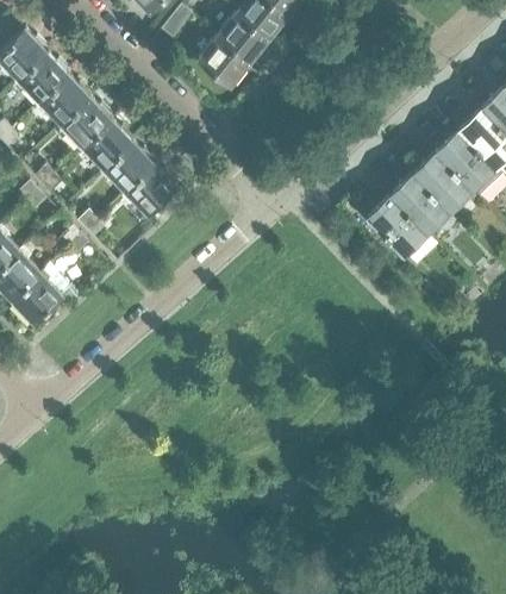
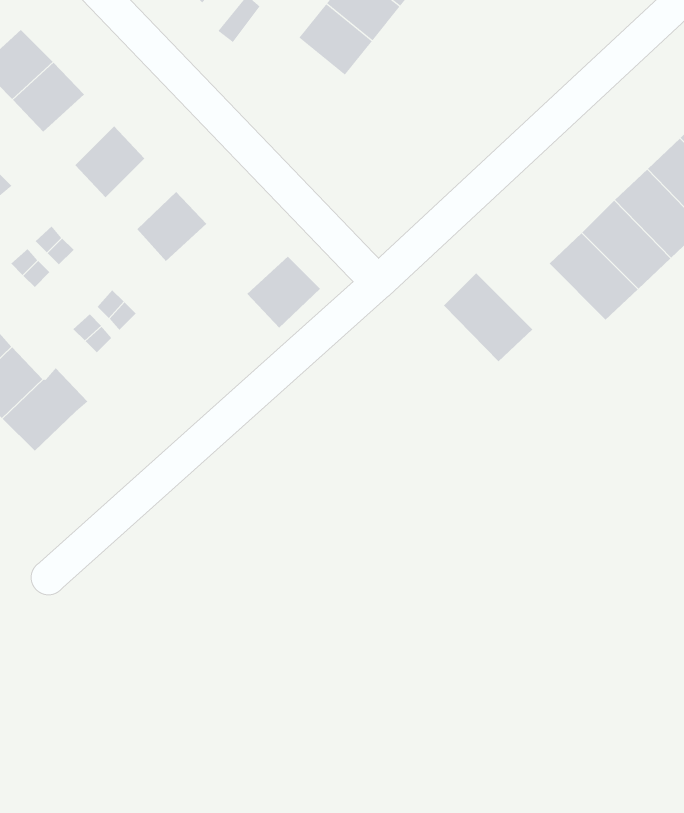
building: [199,38,250,88] -> none
building: [42,77,90,126] -> none
building: [85,121,133,170] -> none
building: [126,167,177,217] -> [247,256,321,328]
building: [368,194,430,256] -> [443,273,533,362]

